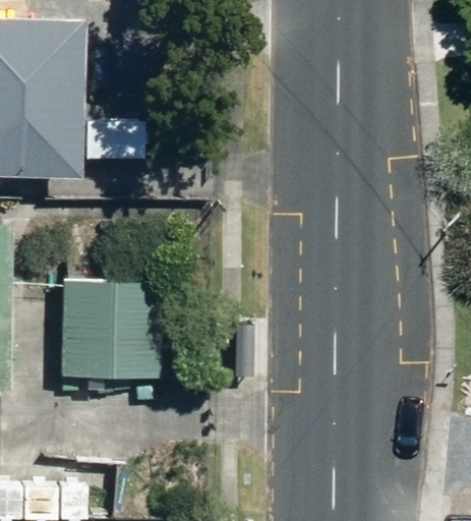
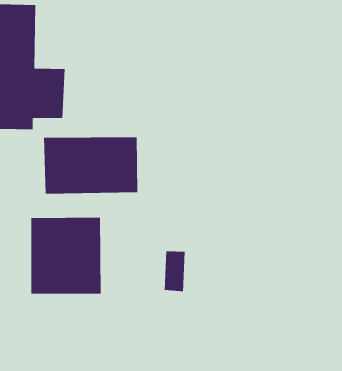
building: none -> [44,136,138,194]

